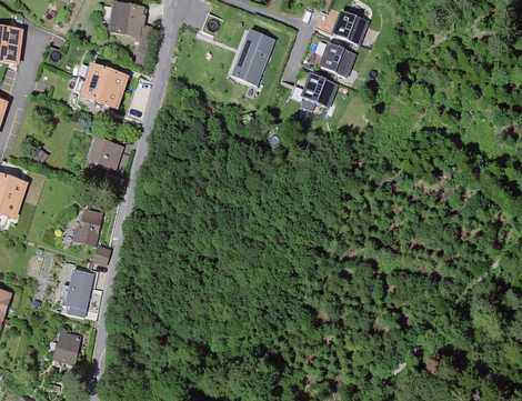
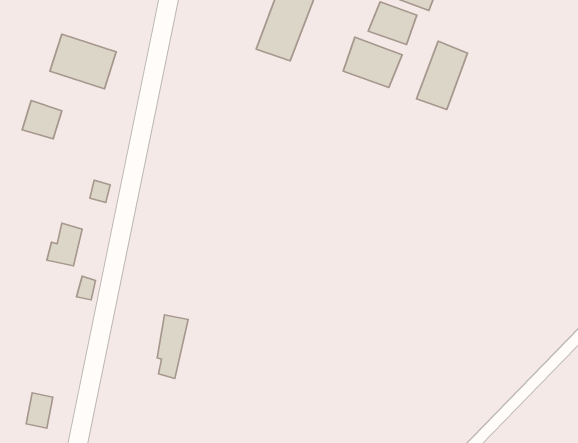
building: none -> [417,41,467,110]
building: [91,140,121,169] -> [22,100,62,139]
building: [70,265,93,313] -> [157,315,188,378]

